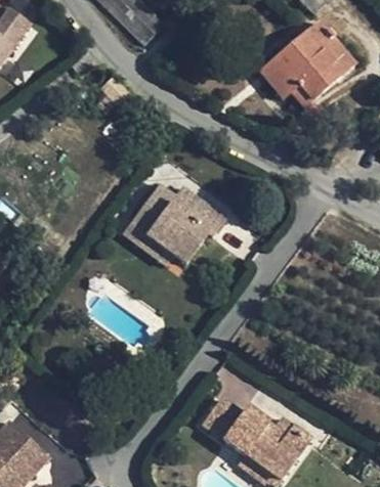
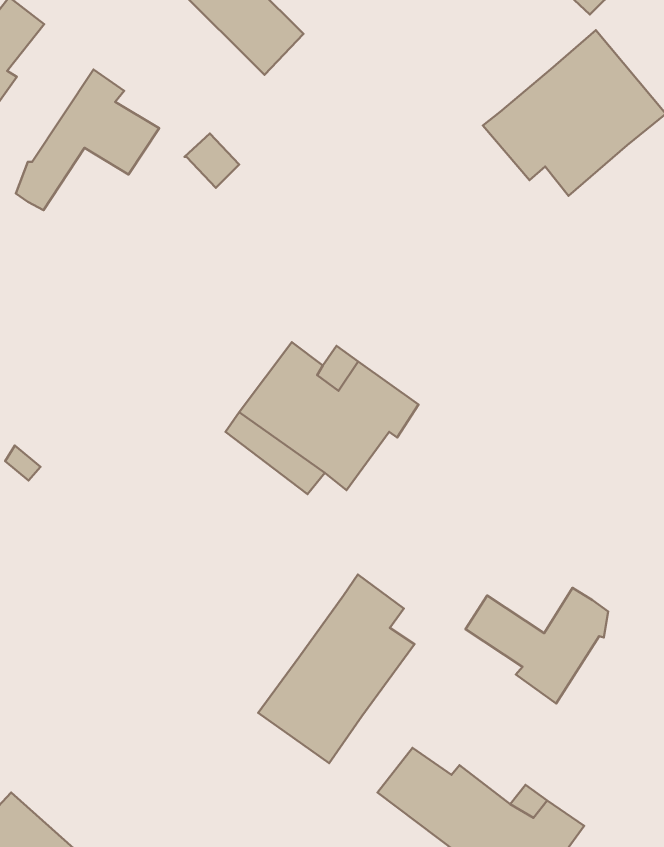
building: none -> [16,70,159,210]
building: none -> [258,575,415,763]
building: none -> [466,588,608,703]

